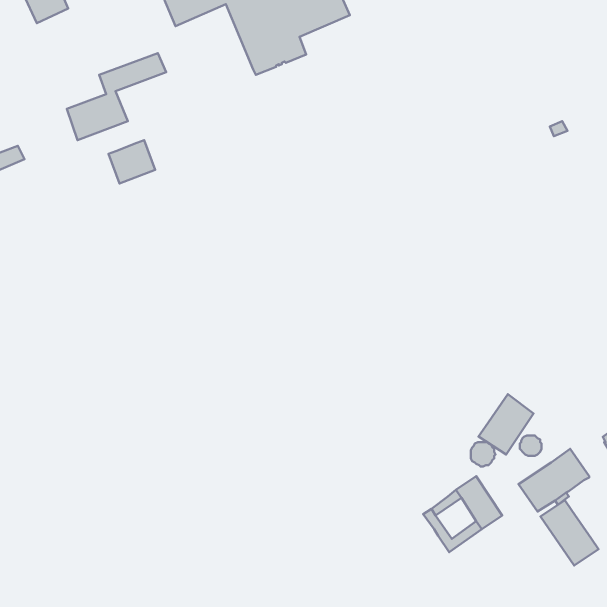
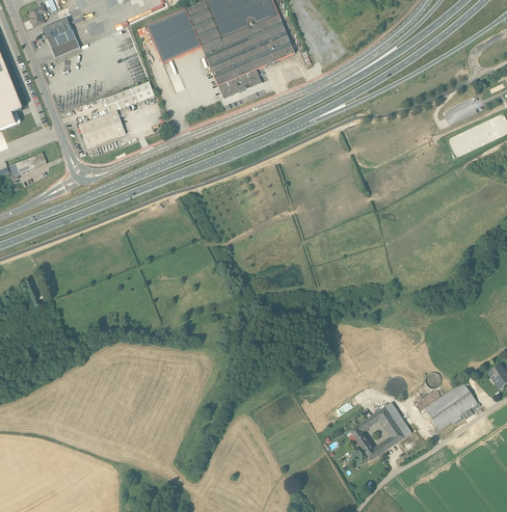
building: [109,140,155,183] -> none
building: [479,394,534,454] -> none
building: [540,500,598,566] -> none

